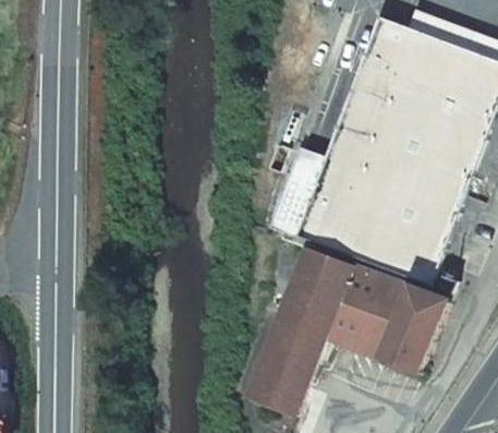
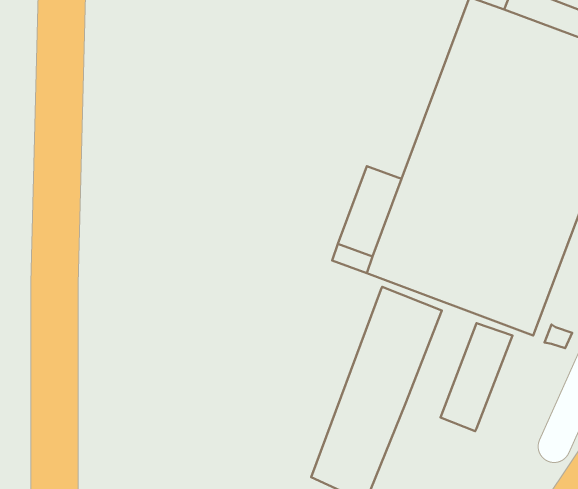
building: [326,264,381,348] -> none
building: [381,284,449,373] -> none

